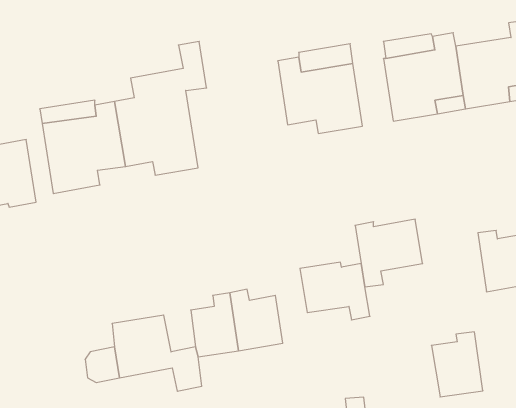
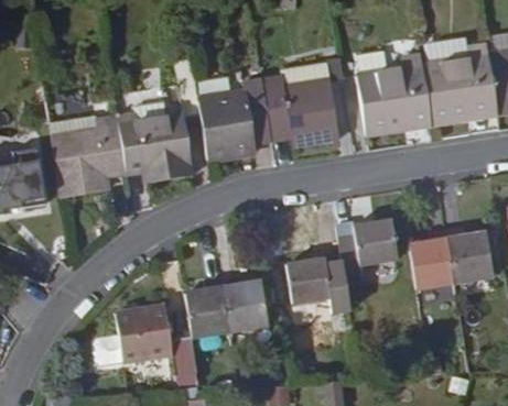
building: none -> [202,78,274,158]
building: [431,332,483,397] -> [407,232,453,290]

